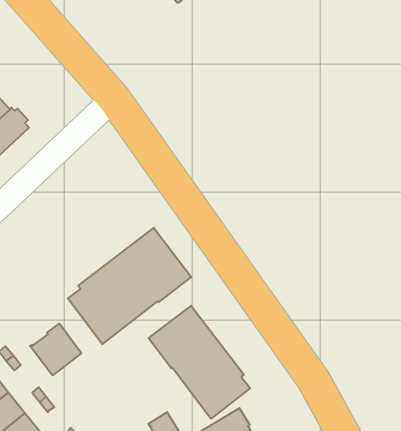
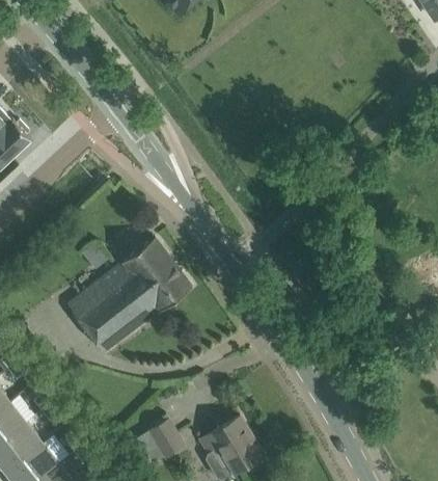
building: [149,306,250,419] -> none
building: [30,324,81,375] -> none

